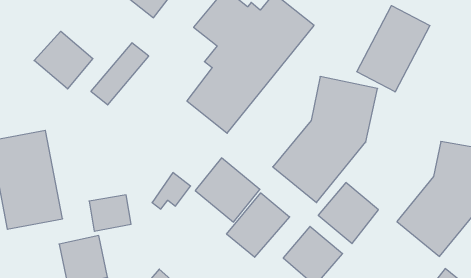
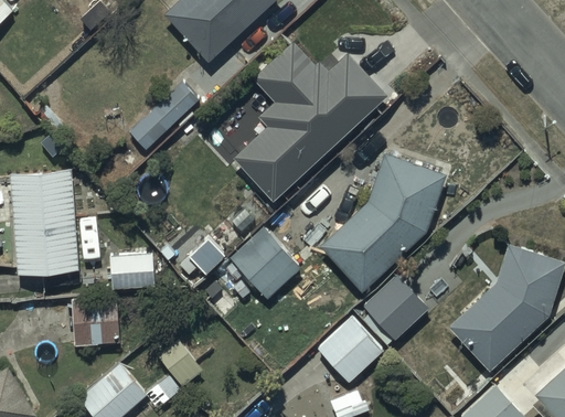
building: [357,6,430,92] -> none
building: [34,31,93,89] -> none
building: [227,193,290,257] -> none

